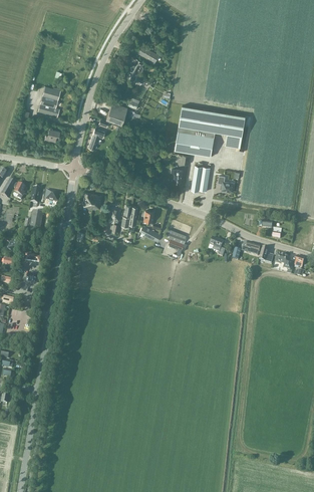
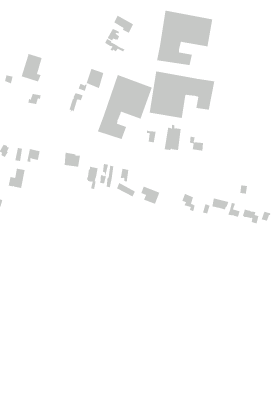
building: none -> [157,10,213,66]
building: none -> [97,74,152,140]

